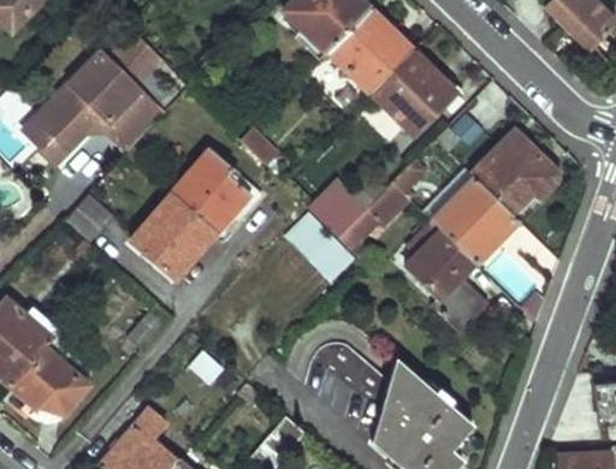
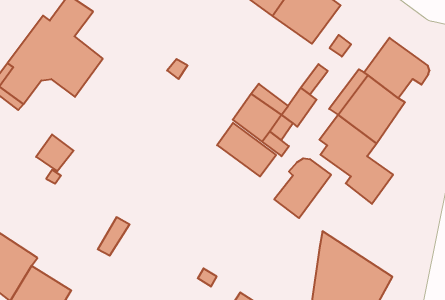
building: [130,149,249,278] -> none
building: none -> [274,158,331,218]

